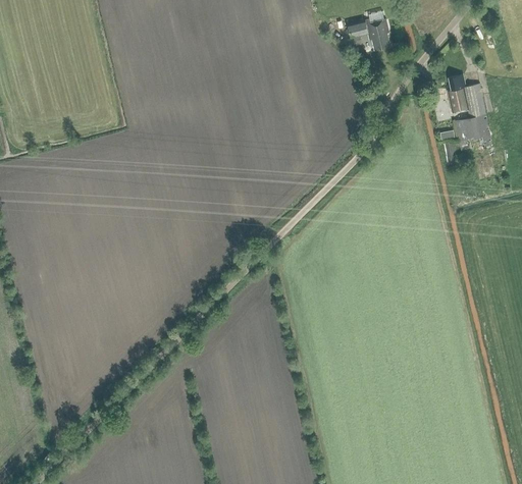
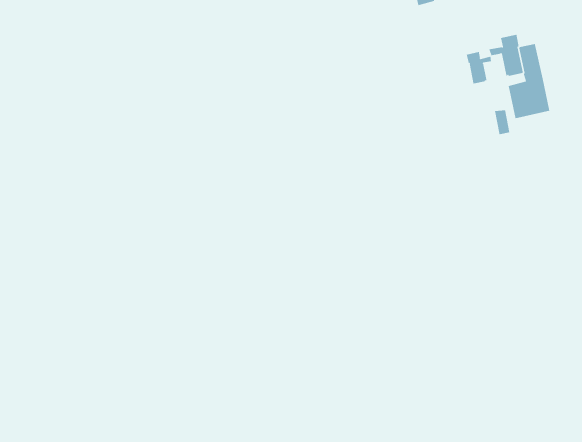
building: none -> [466,51,491,84]

